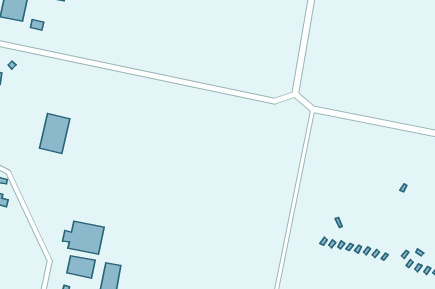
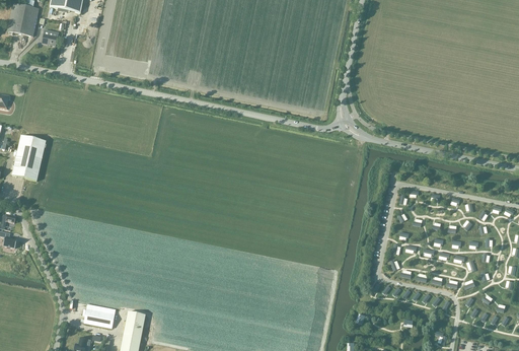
building: [40,114,70,154] -> [11,135,46,181]
building: [63,221,104,254] -> none

